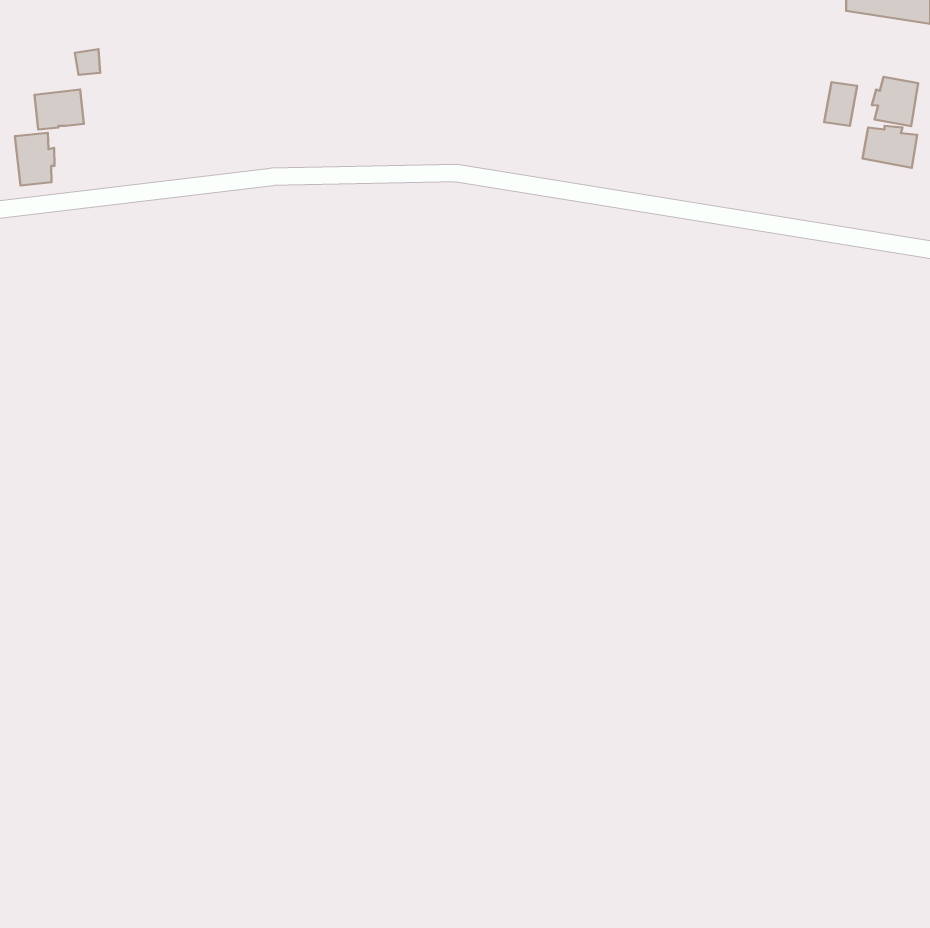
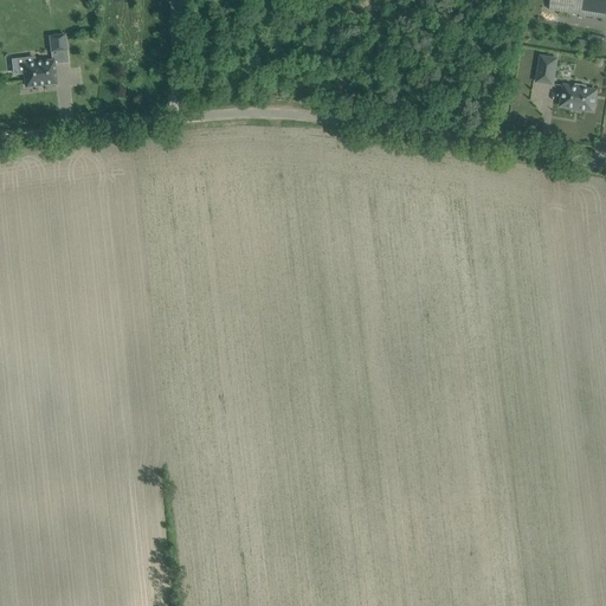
building: [872,77,918,126] -> none
building: [15,133,55,185] -> none

